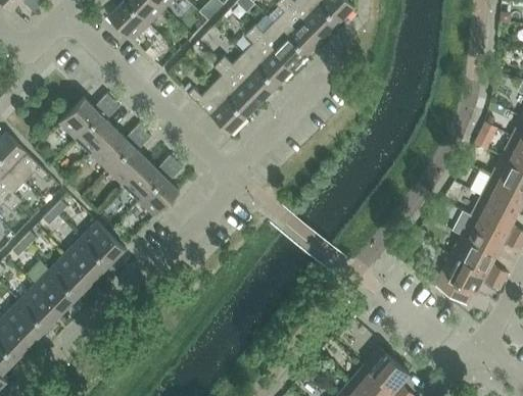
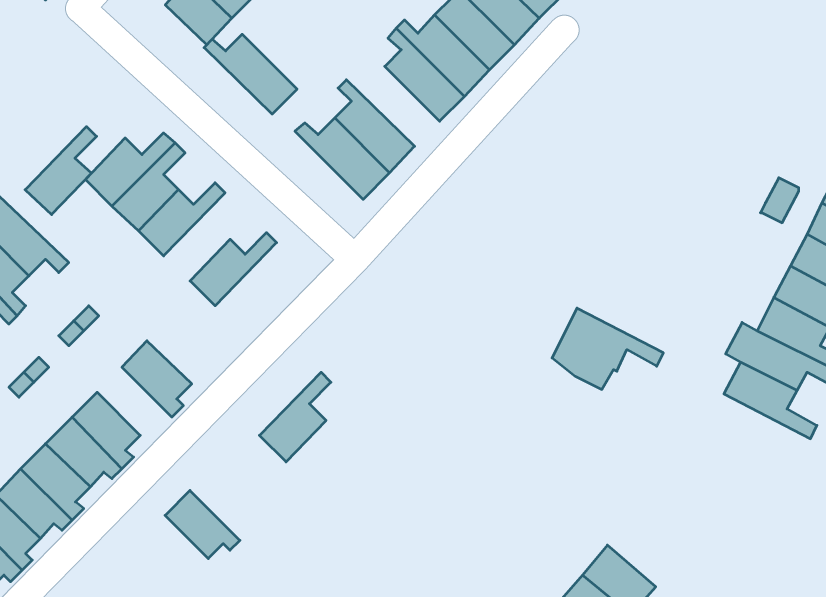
building: [219,54,276,103] -> [204,34,297,114]
building: [106,132,150,186] -> [25,127,97,215]
building: [138,162,182,217] -> [259,372,331,462]
building: [65,239,111,281] -> [165,490,240,559]
building: [435,255,504,305] -> [552,308,663,389]

